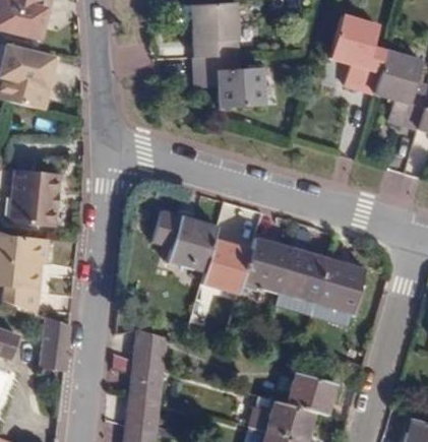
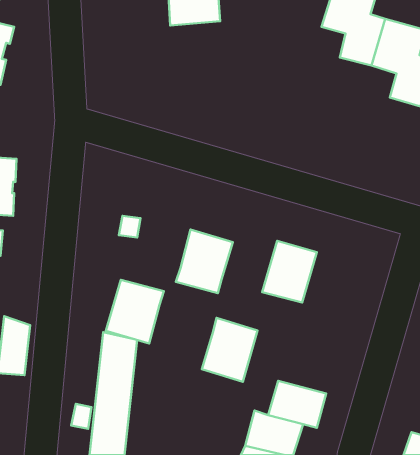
building: [195,53,265,108] -> none
building: [166,216,218,273] -> [106,280,164,343]
building: [241,238,291,295] -> [202,318,258,382]
building: [313,259,363,315] -> none

